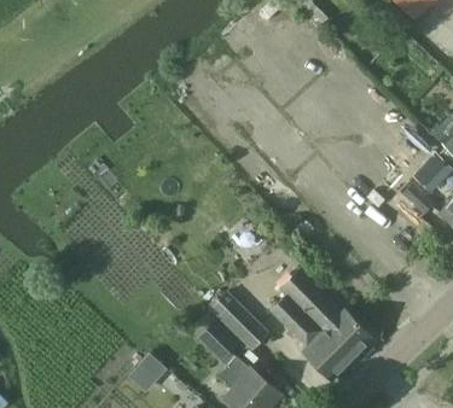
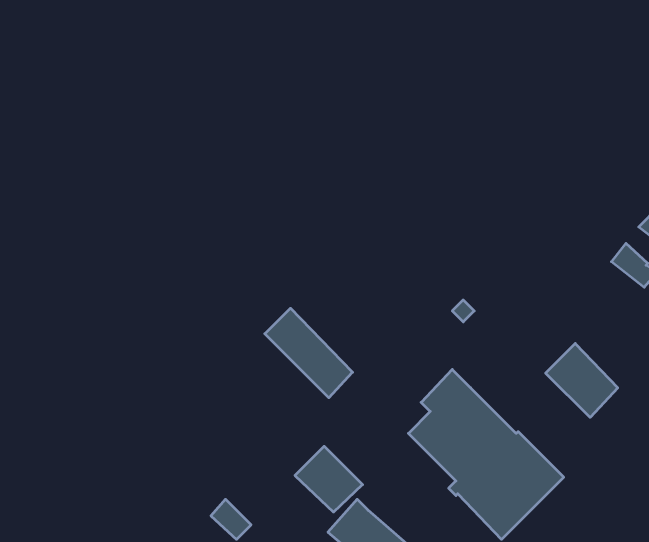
building: none -> [546,343,618,417]
building: [210,292,268,351] -> [265,308,353,398]

